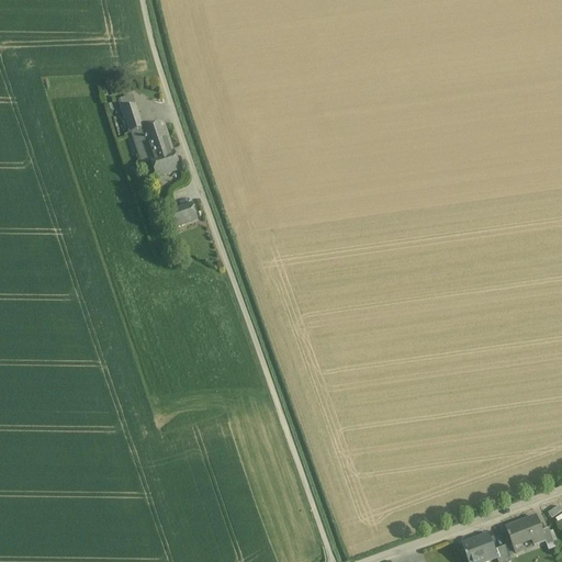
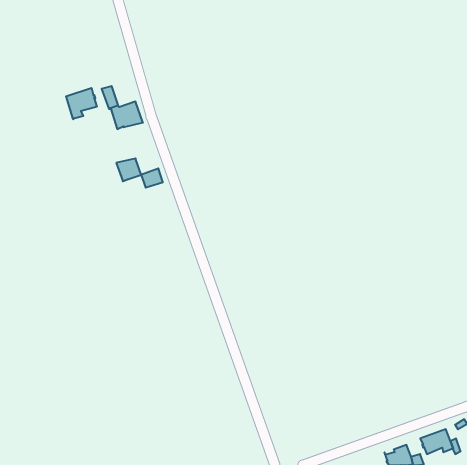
building: none -> [66,88,97,119]
building: [148,147,178,175] -> [116,158,141,181]

